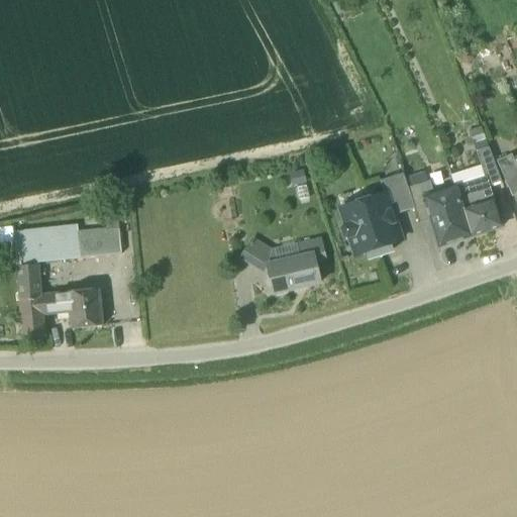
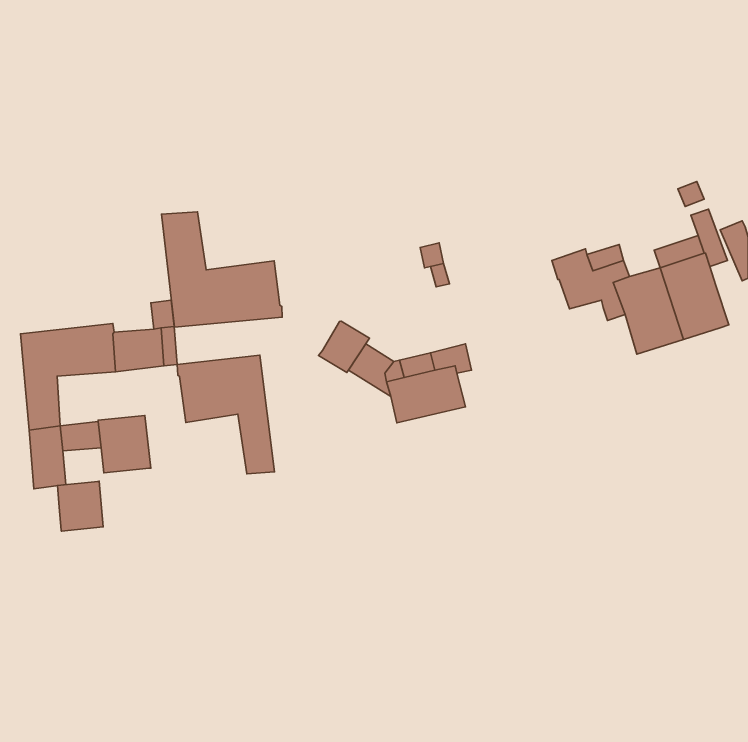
building: none -> [161,212,282,327]
building: [341,193,401,252] -> none
building: none -> [319,321,370,372]
building: none -> [177,355,274,474]
building: none -> [57,481,103,531]

